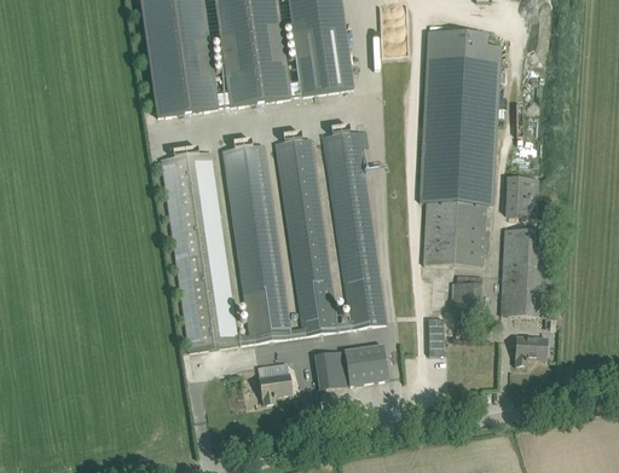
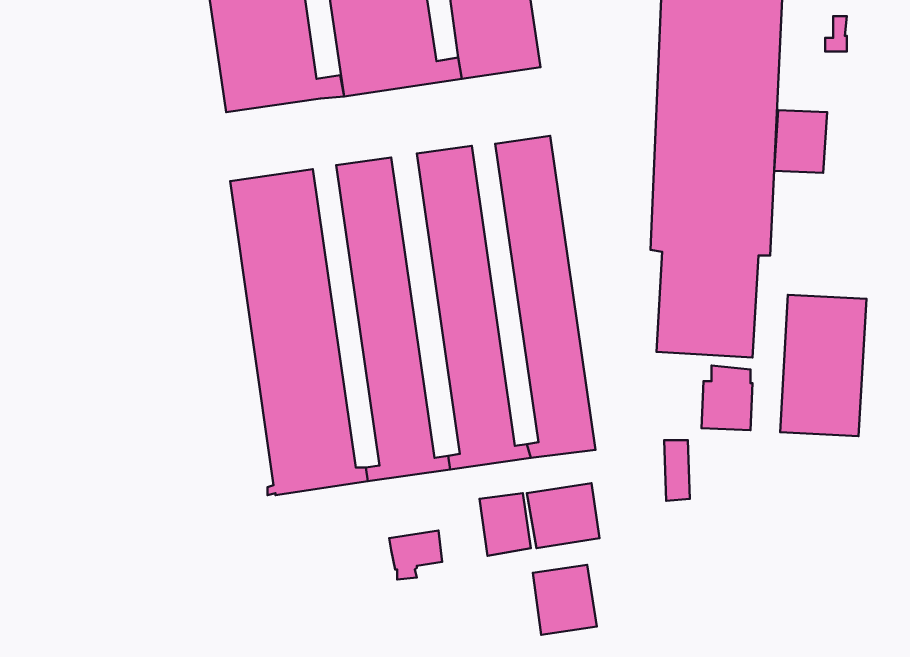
building: [505,175,538,214] -> [774,110,827,173]
building: [515,335,546,364] -> none
building: none -> [533,565,597,635]

